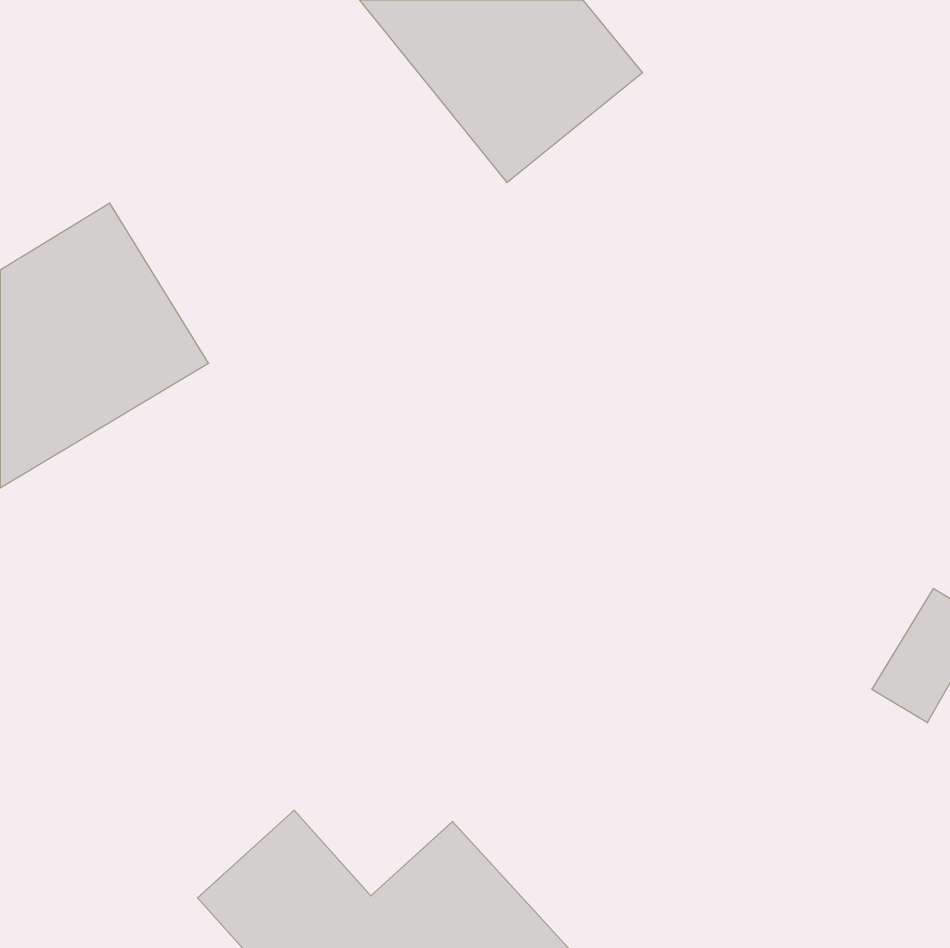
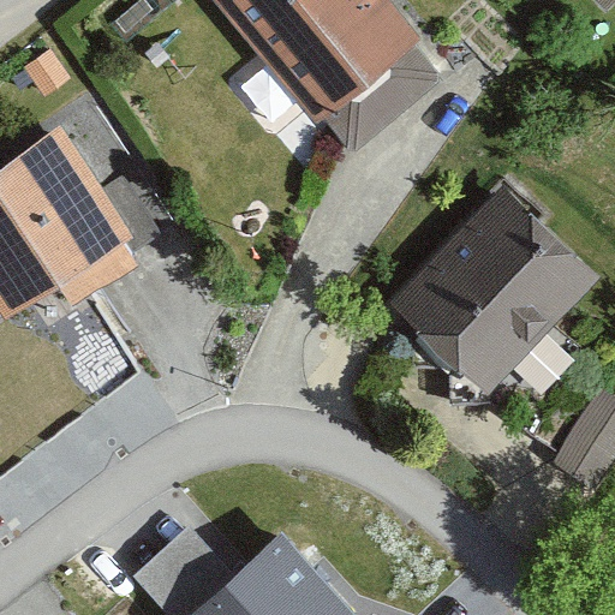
building: none -> [407,191,591,374]

